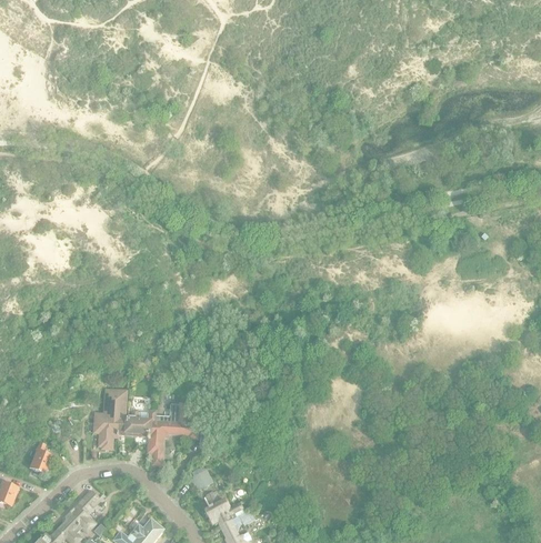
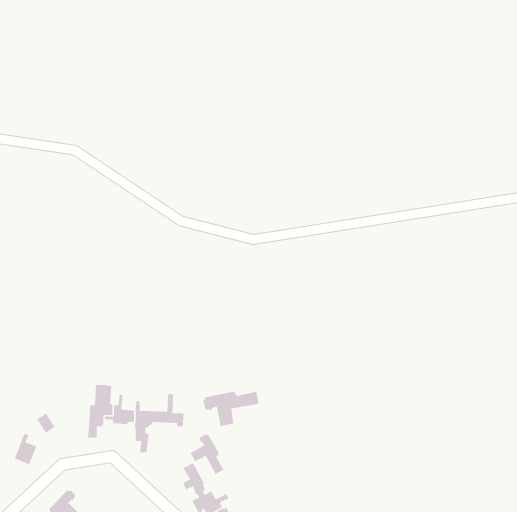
building: none -> [203,391,260,427]
building: none -> [190,433,225,475]

